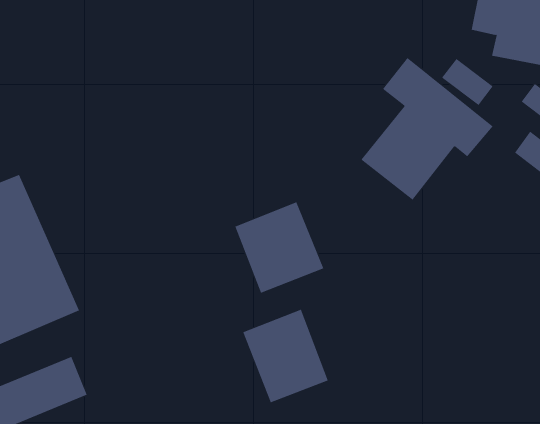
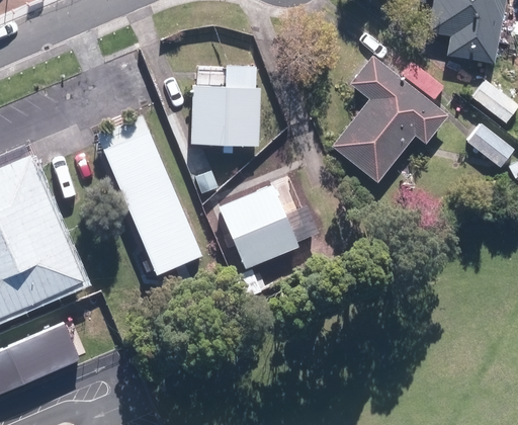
building: none -> [191,64,259,147]
building: none -> [98,132,202,280]
building: [242,309,329,403] -> none

